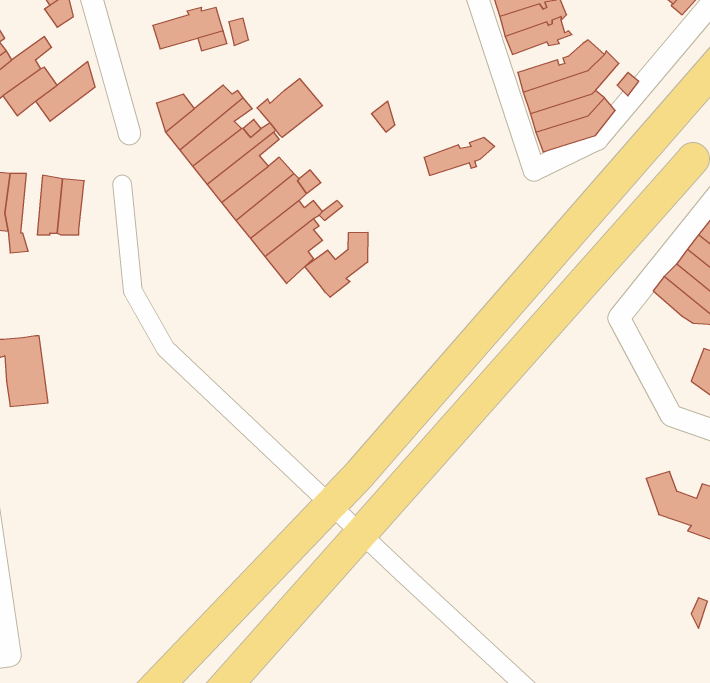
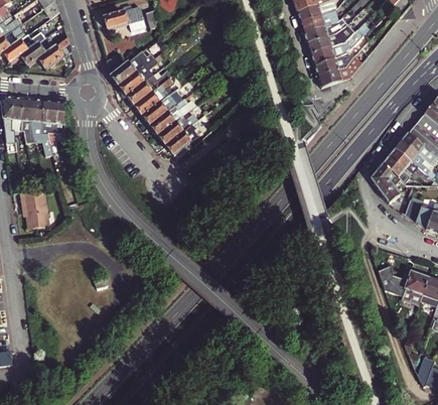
building: [257,79,322,137] -> none
building: [424,138,495,175] -> [304,20,343,41]
building: none -> [30,98,52,155]
building: [305,232,368,297] -> none
building: none -> [371,163,400,202]

